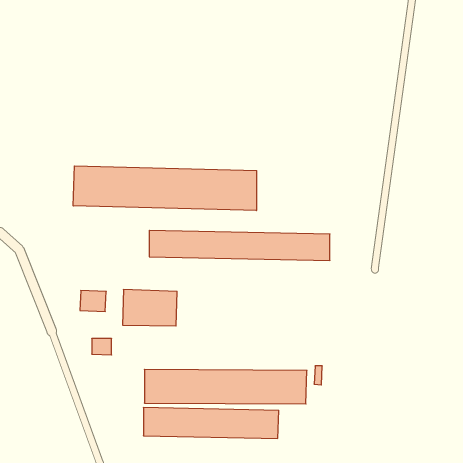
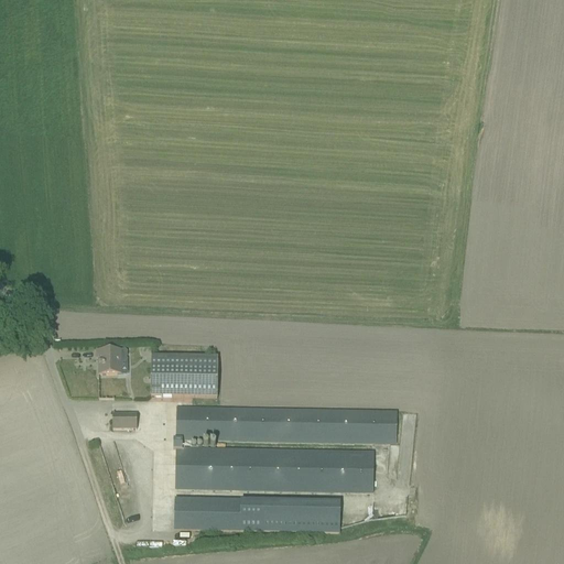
building: [73,166,257,211] -> none
building: [149,230,330,260] -> [176,405,395,442]

